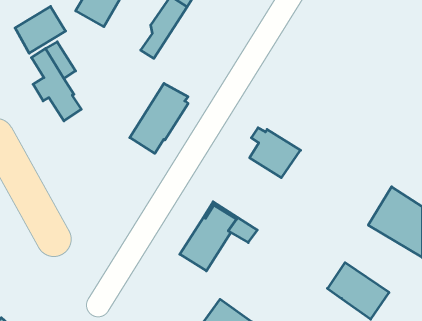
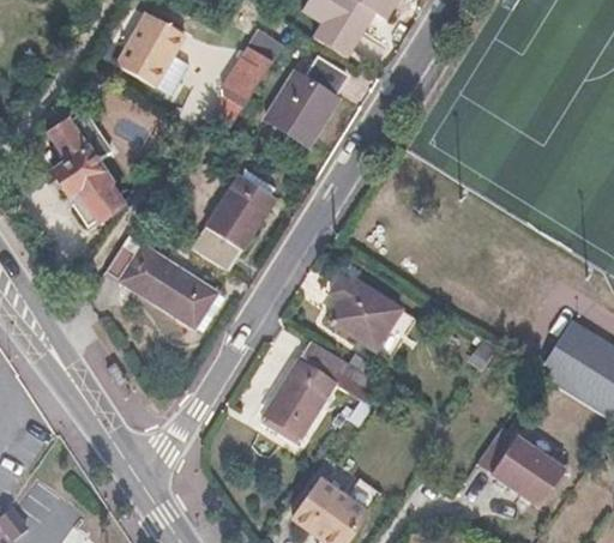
building: none -> [266,58,345,145]
building: [15,6,66,53] -> none
building: [250,128,301,178] -> [327,278,401,350]
building: none -> [104,236,217,328]

